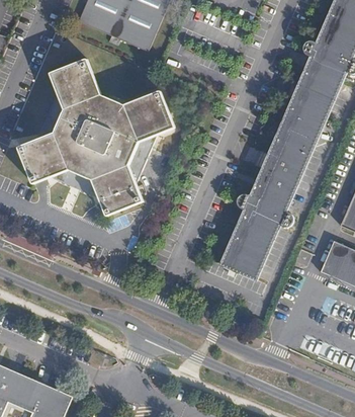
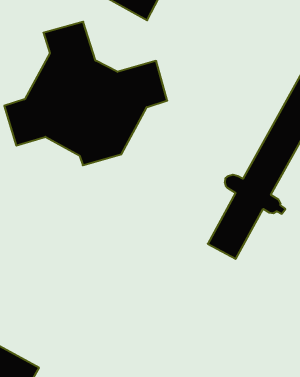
building: [98,184,142,217] -> none

